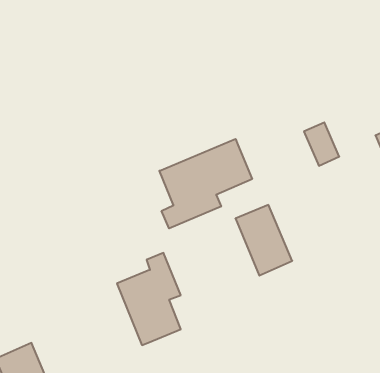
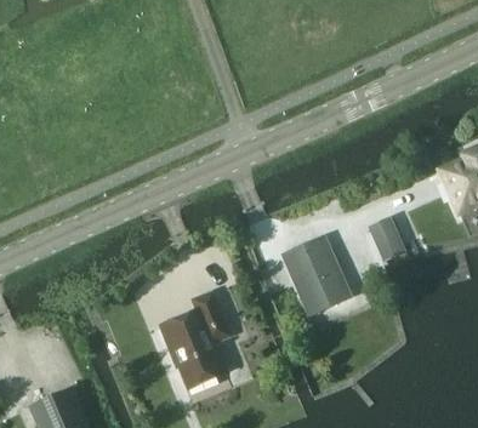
building: [304,122,339,166] -> [368,215,405,261]
building: [159,139,252,228] -> none

